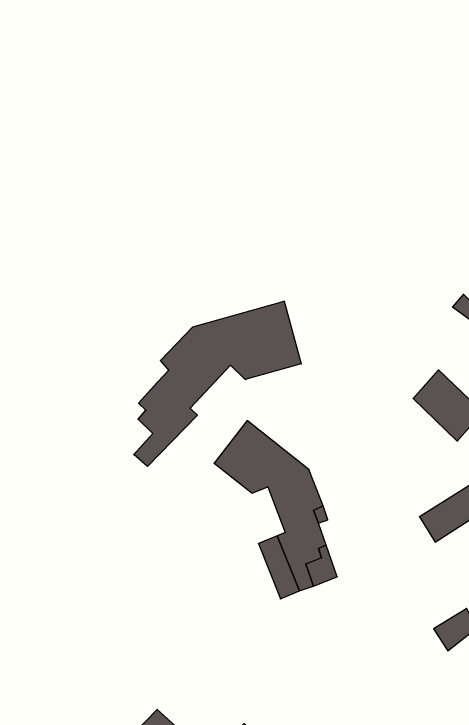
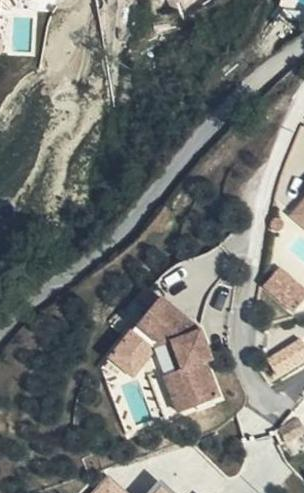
building: [134,301,301,466] -> none
building: none -> [108,329,154,375]

